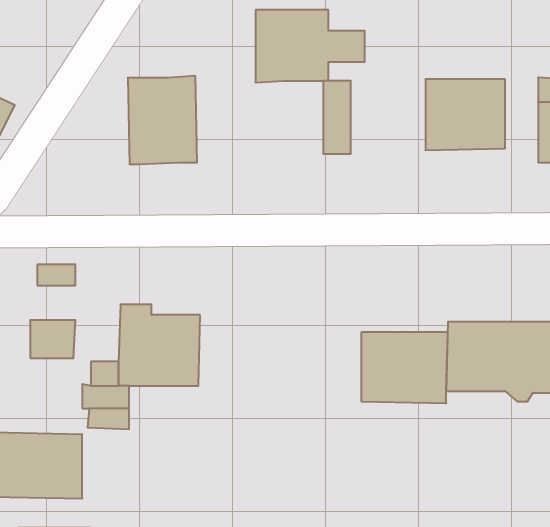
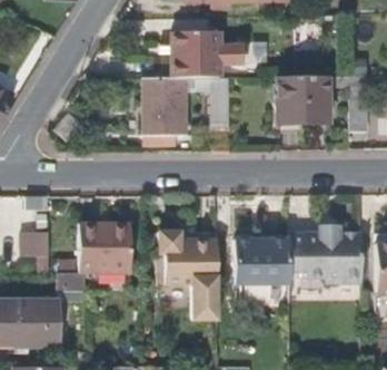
building: [128,76,197,164] -> [143,77,188,134]
building: none -> [161,230,220,319]

